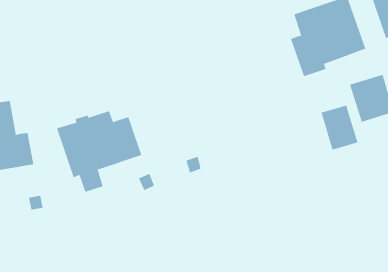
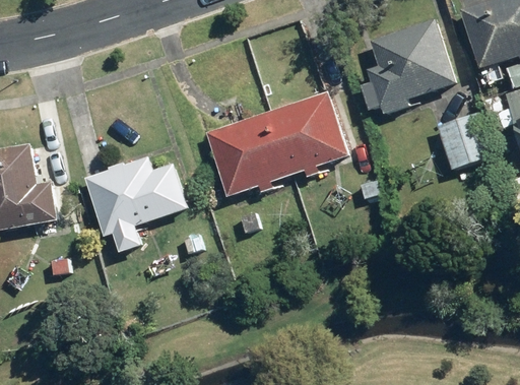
building: none -> [205,90,349,196]
building: [321,105,358,151] -> none

